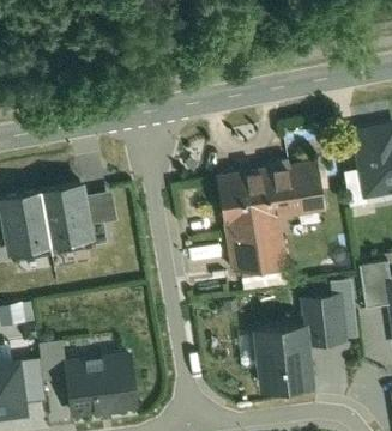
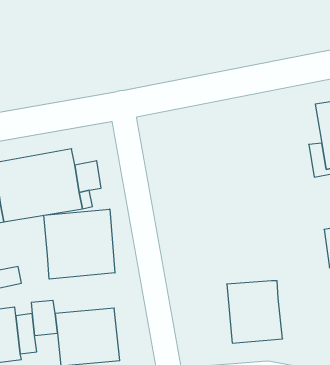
building: [219,163,325,274] -> none
building: none -> [44,209,115,279]
building: [302,297,343,344] -> none

